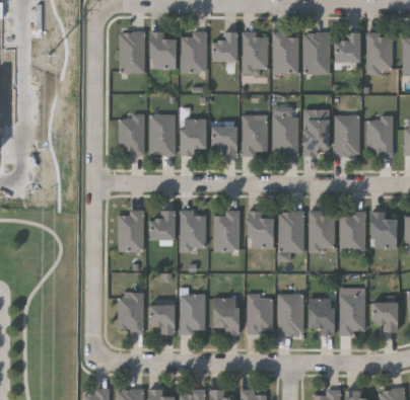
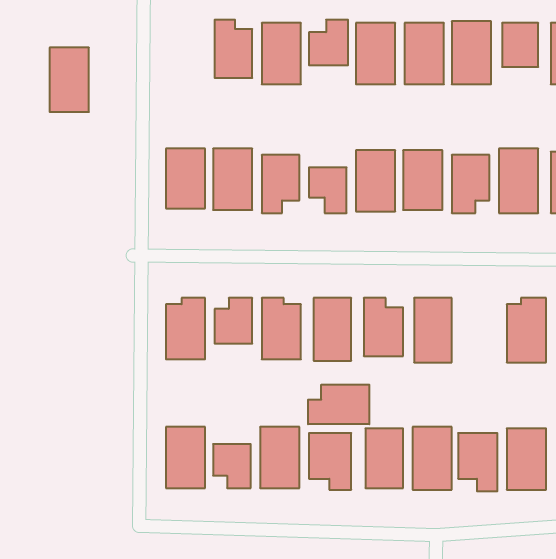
building: [119,31,144,73] -> [50,48,89,112]
building: [309,212,334,250] -> none
building: none -> [308,385,369,424]

